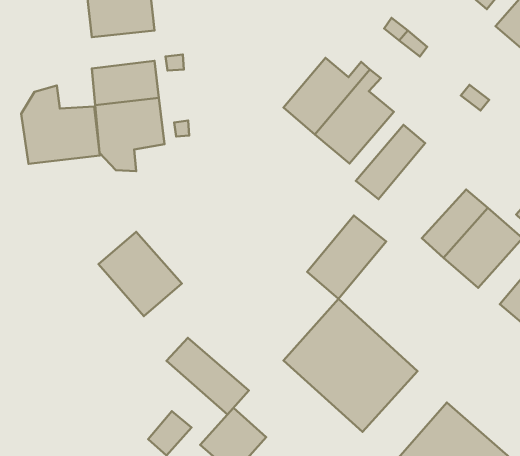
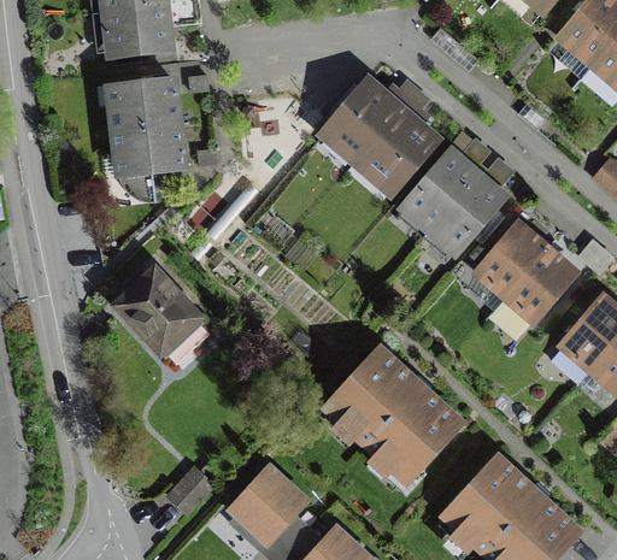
building: [21,86,100,164] -> none
building: [307,216,386,299] -> [423,169,511,261]
building: [166,338,249,415] -> none

